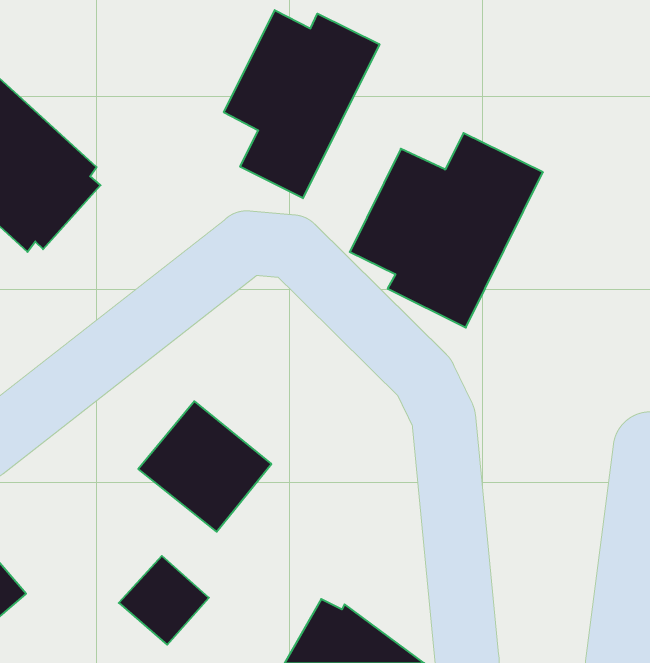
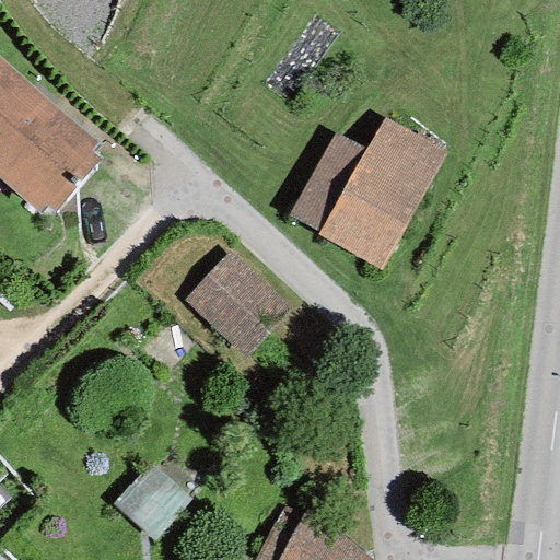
building: [224,10,379,198] -> none
building: [138,401,271,532] -> [186,247,298,357]

